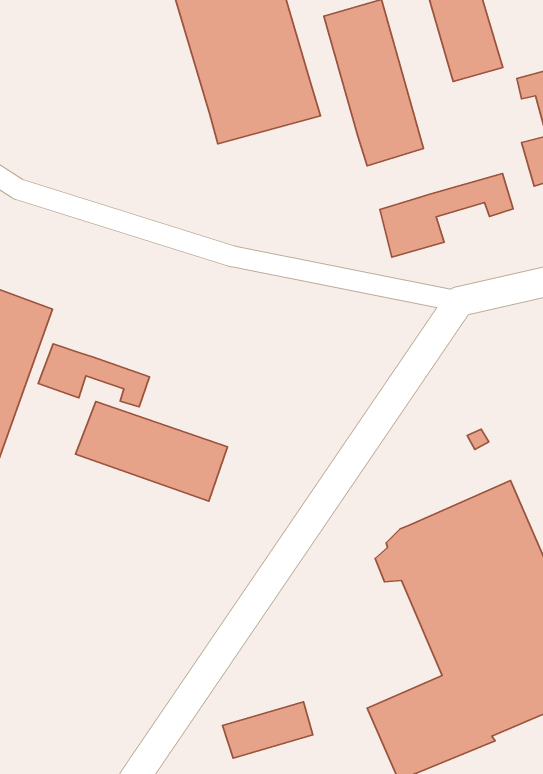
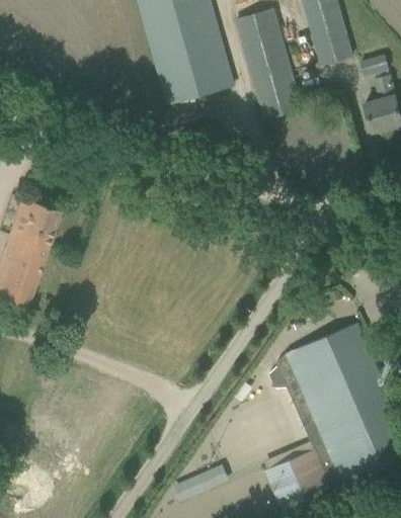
building: [380,173,513,257] -> none
building: [38,344,149,407] -> none
building: [75,401,227,501] -> none

